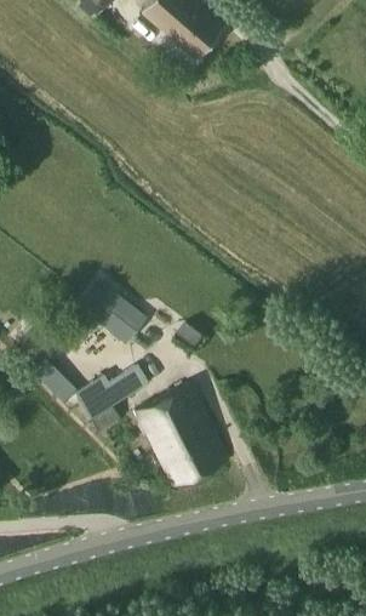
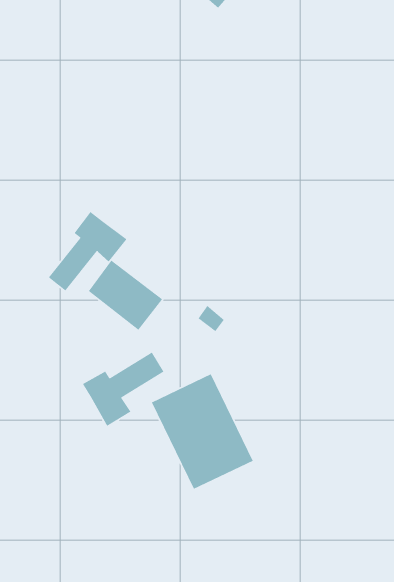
building: none -> [48,211,127,292]
building: [29,357,76,404] -> none

